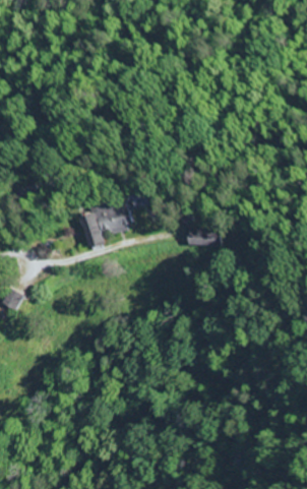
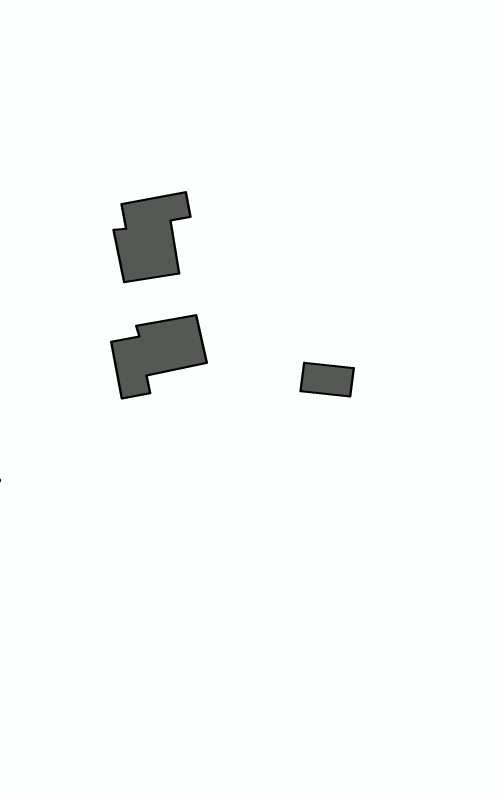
building: none -> [113,192,191,282]

